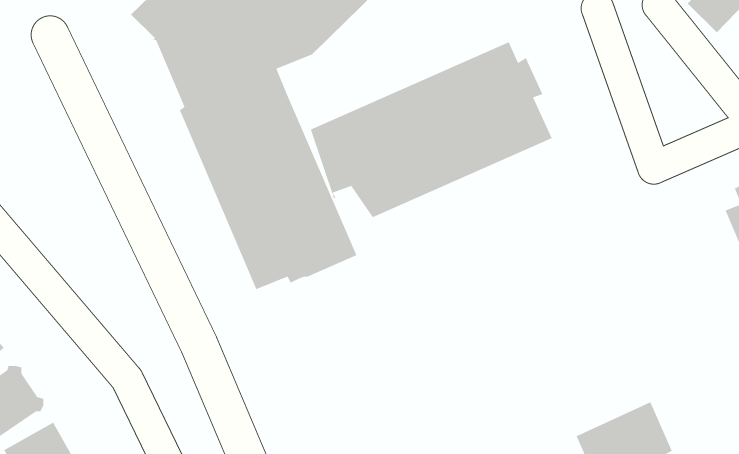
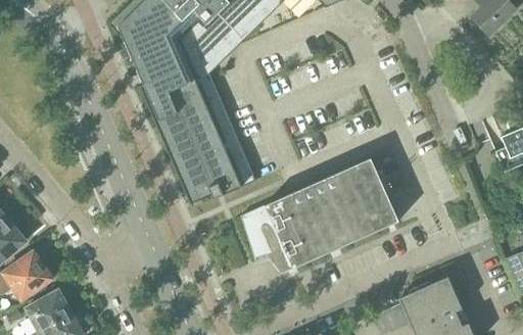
building: [310,41,553,218] -> [241,158,399,274]

